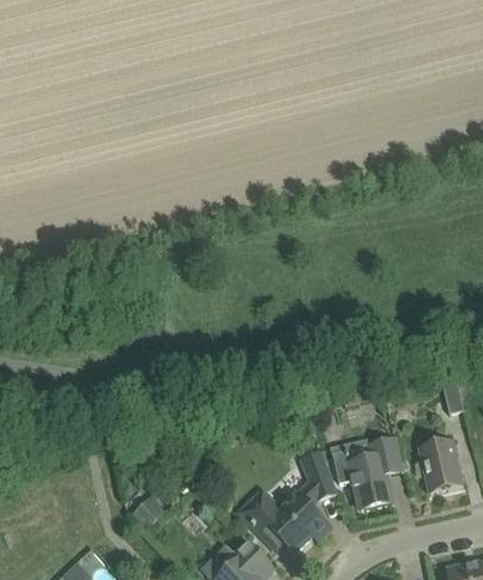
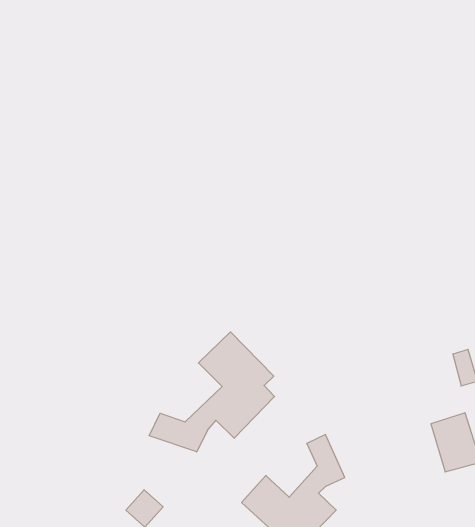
building: none -> [149,332,275,452]
building: [332,436,403,508] -> none

